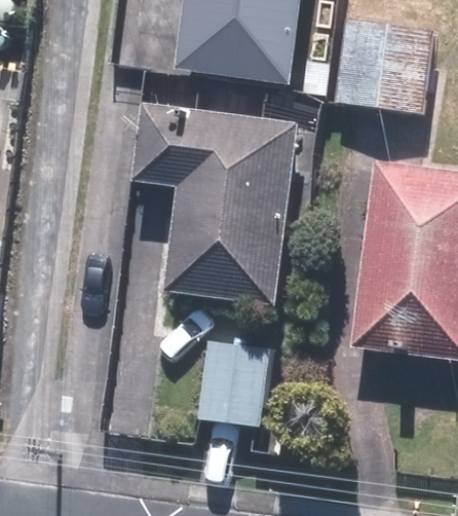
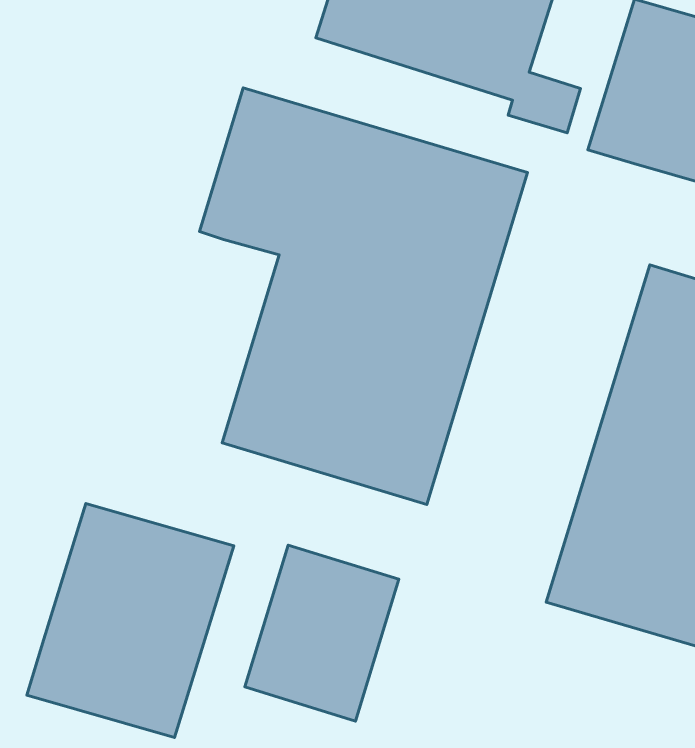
building: none -> [27,503,234,737]

